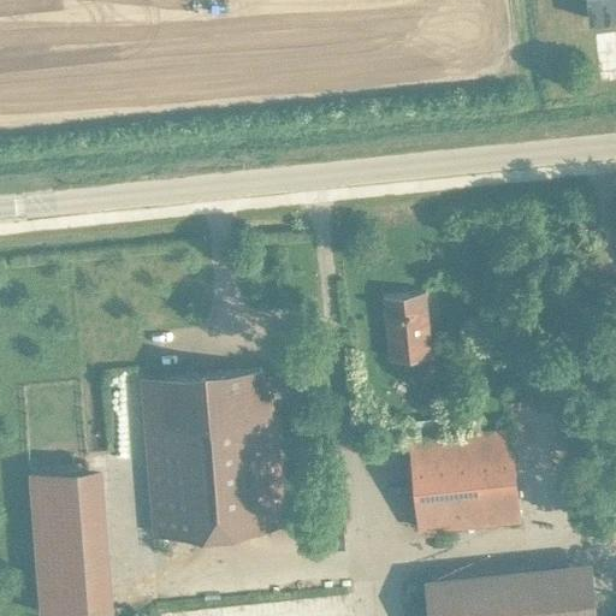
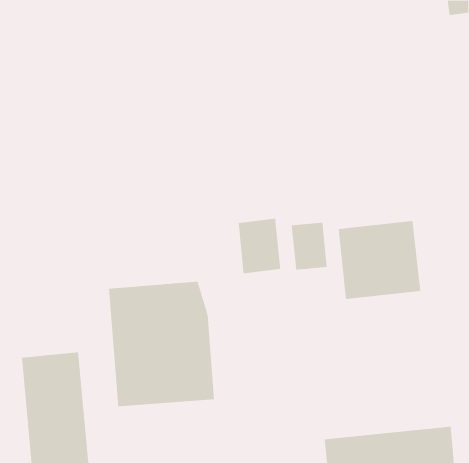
building: none -> [238,218,281,274]
building: [409,434,519,538] -> [338,220,421,299]

